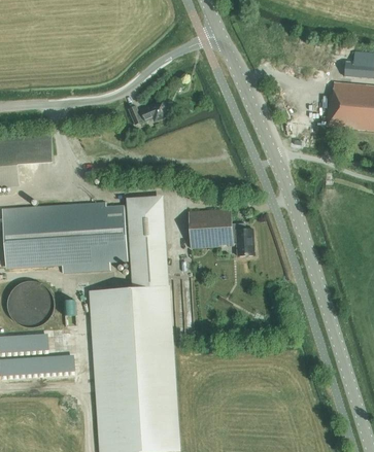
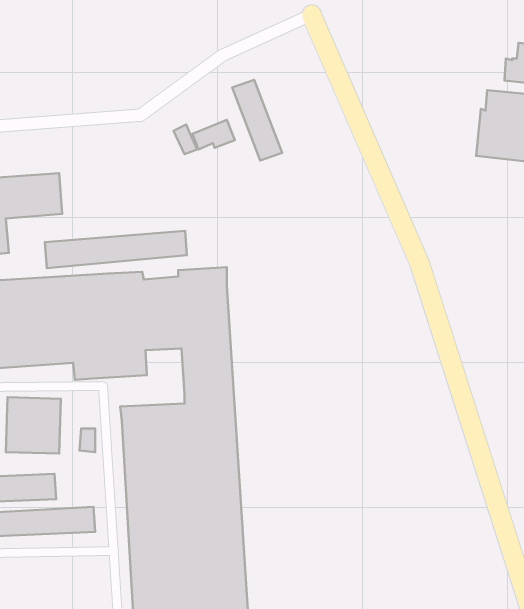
building: none -> [232,80,282,161]
building: none -> [45,231,187,268]
building: [188,208,254,257] -> none

